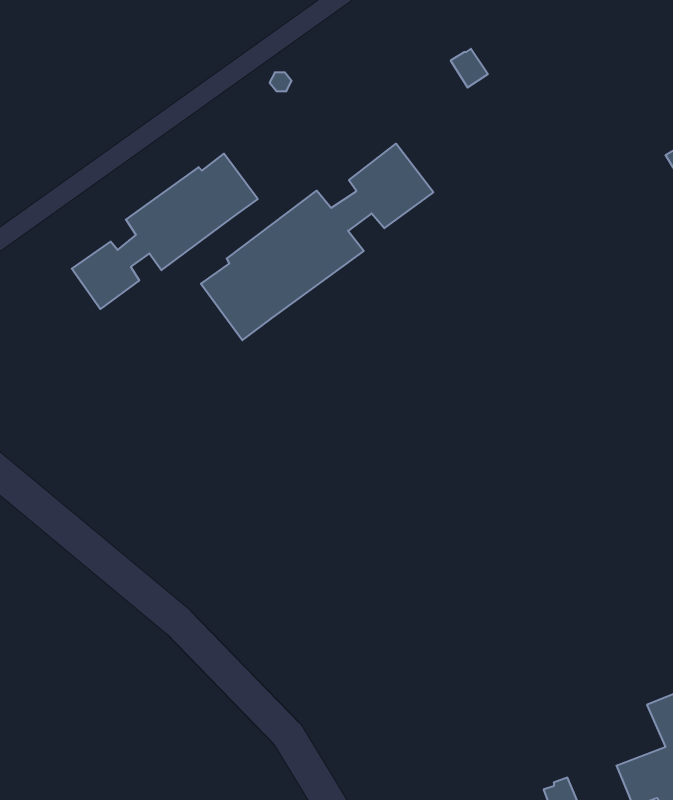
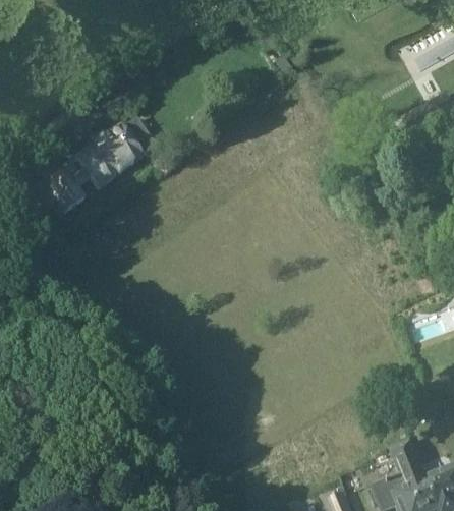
building: [201,144,433,340] -> none

